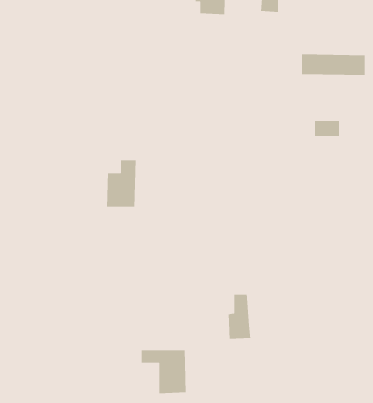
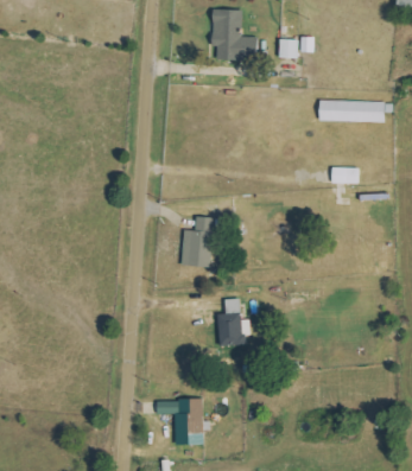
building: [106,160,136,208] -> [182,217,213,266]
building: [228,294,251,340] -> [218,299,242,345]

